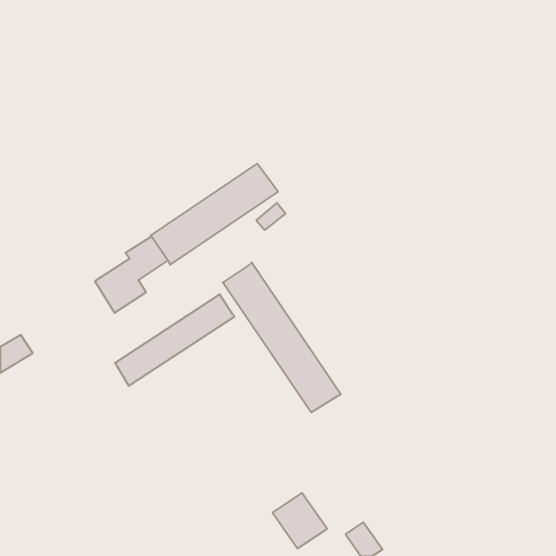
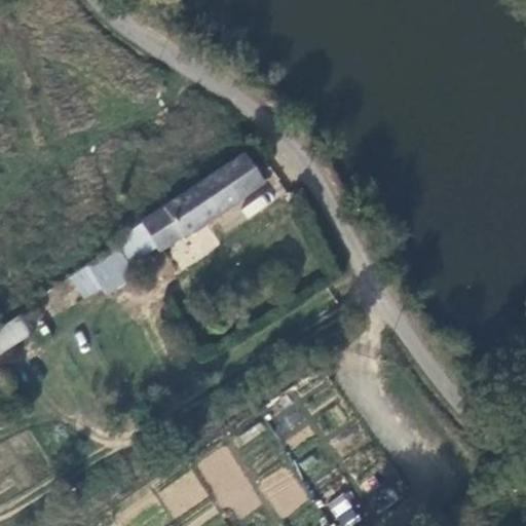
building: [223,262,341,412] -> none
building: [115,294,235,386] -> none

